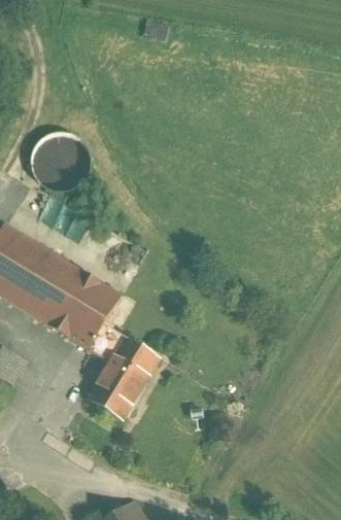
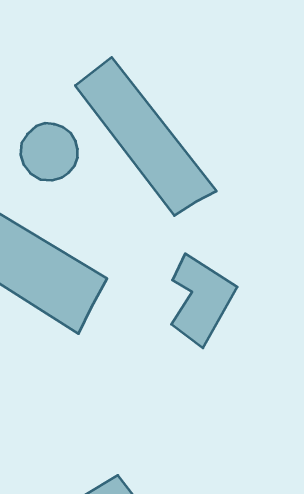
building: none -> [75,57,216,216]
building: [88,322,157,421] -> [171,254,237,348]

